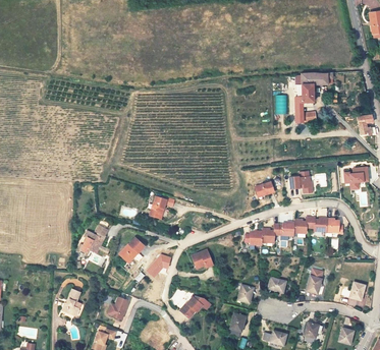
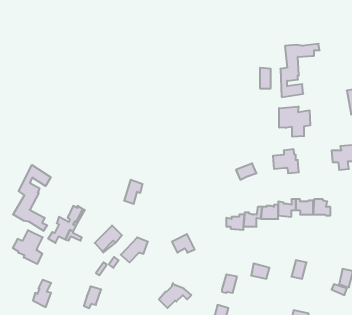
building: none -> [279,106,310,137]
building: none -> [13,165,51,231]
building: none -> [13,230,43,264]

